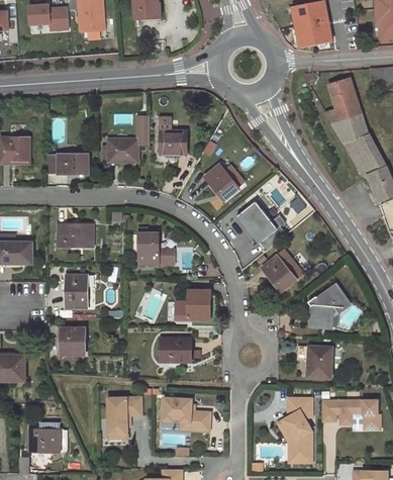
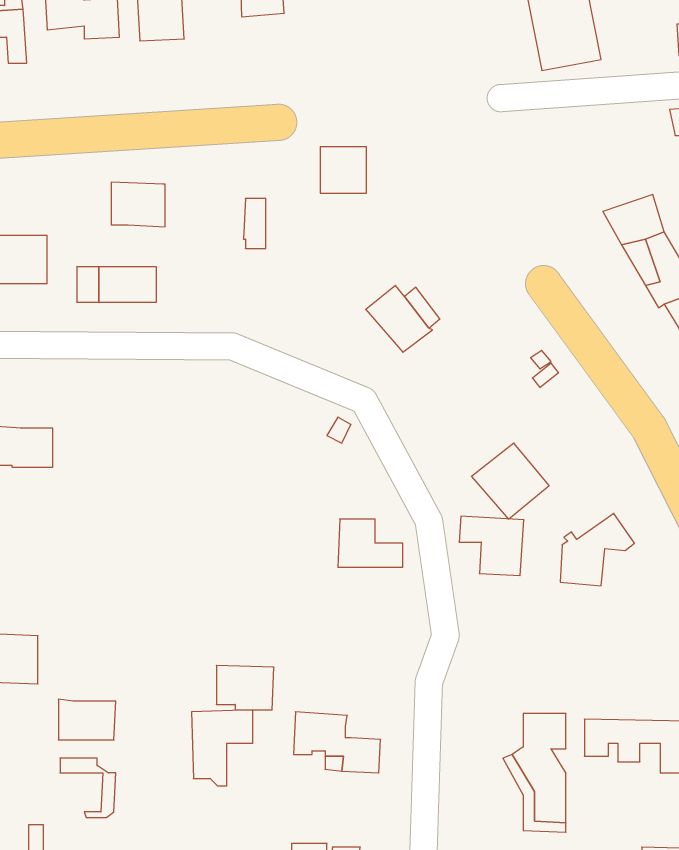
building: [325,79,360,123] -> none
building: [161,129,186,155] -> [320,147,366,193]
building: [108,137,137,162] -> [111,182,165,227]
building: [239,200,285,245] -> none
building: [57,223,92,246] -> none
building: [138,226,173,264] -> none
building: [66,274,87,306] -> none
building: [60,327,85,354] -> none
building: [160,337,191,361] -> [216,665,274,710]
building: [295,345,330,377] -> [459,516,524,576]
building: [28,428,60,451] -> [58,699,116,740]

